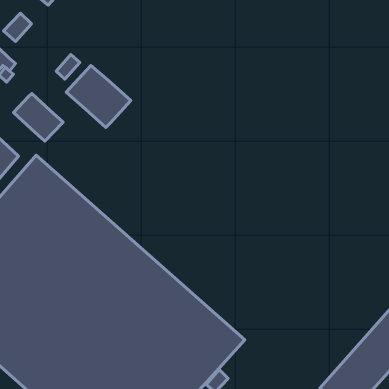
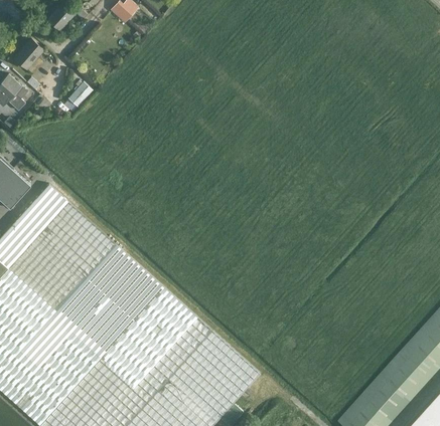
building: [66,65,131,127] -> none
building: [13,93,63,141] -> none

